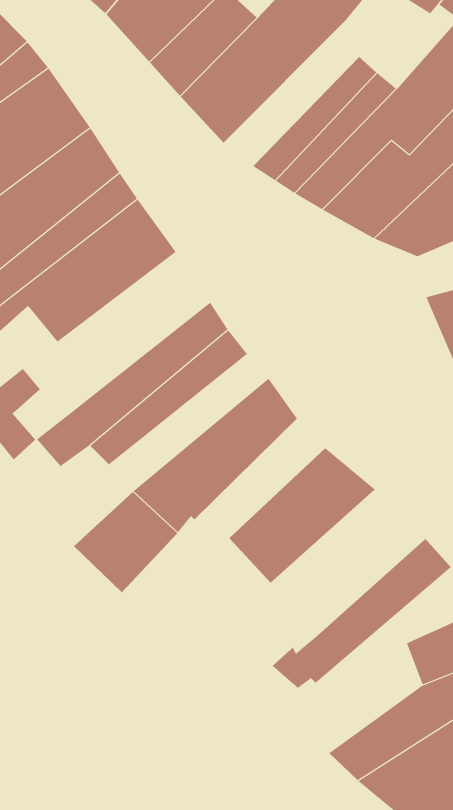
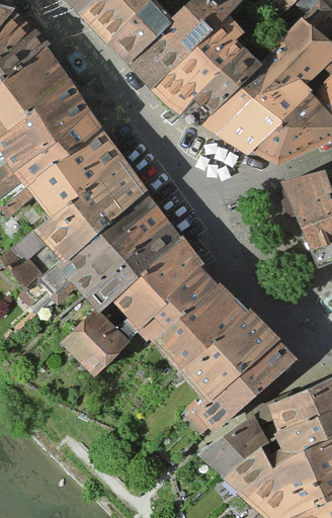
building: none -> [156,15,249,107]
building: none -> [34,161,148,261]
building: none -> [84,225,184,311]
building: none -> [138,265,220,341]
building: none -> [185,310,282,401]
building: none -> [199,406,280,474]

